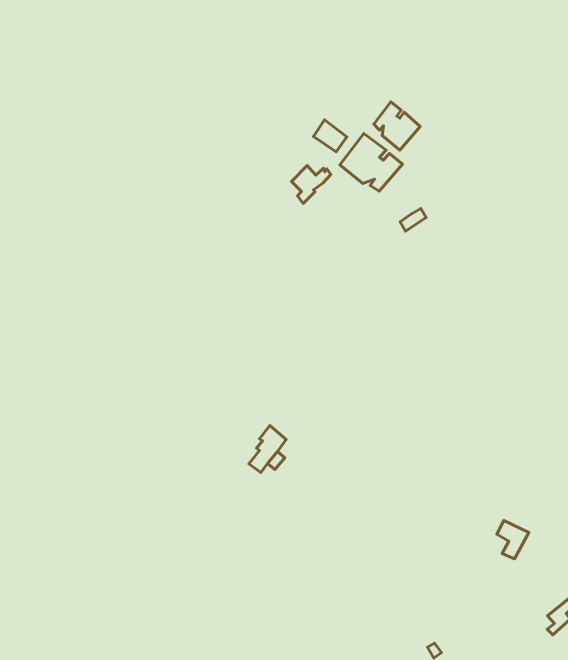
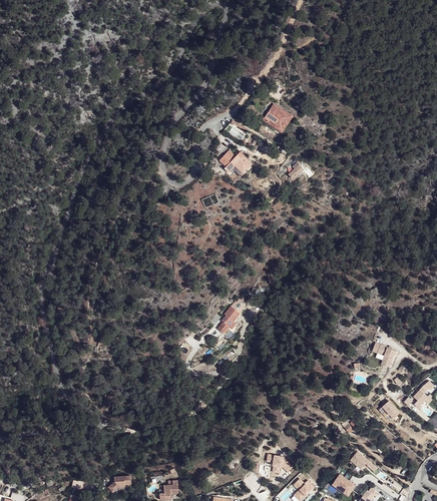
building: [340,134,403,191] -> none

